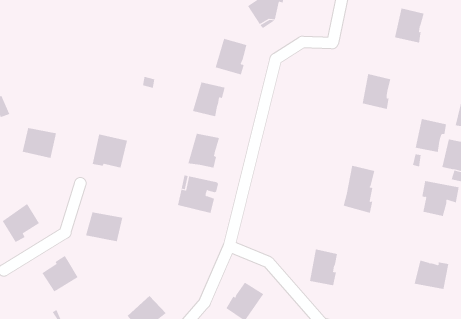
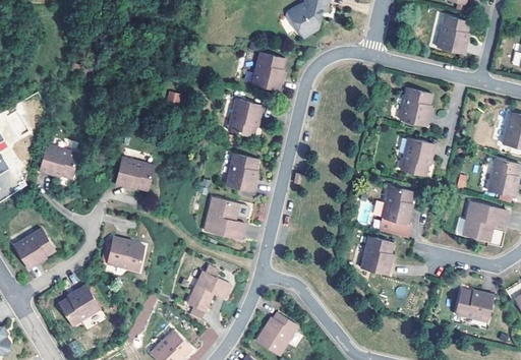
building: [415,118,447,153] -> [403,138,438,175]
building: none -> [187,262,231,312]
building: [309,249,338,286] -> [361,233,392,273]

